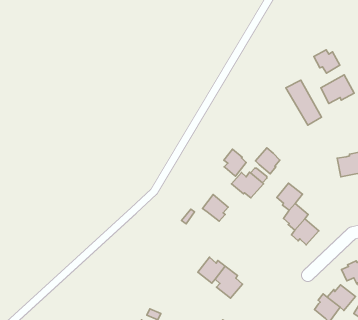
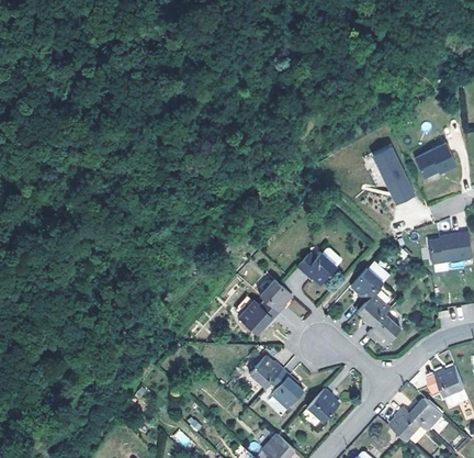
building: [314,50,340,73] -> none
building: [255,148,280,174] -> none
building: [224,149,246,176] -> none
building: none -> [240,299,280,332]
building: none -> [308,388,339,422]

